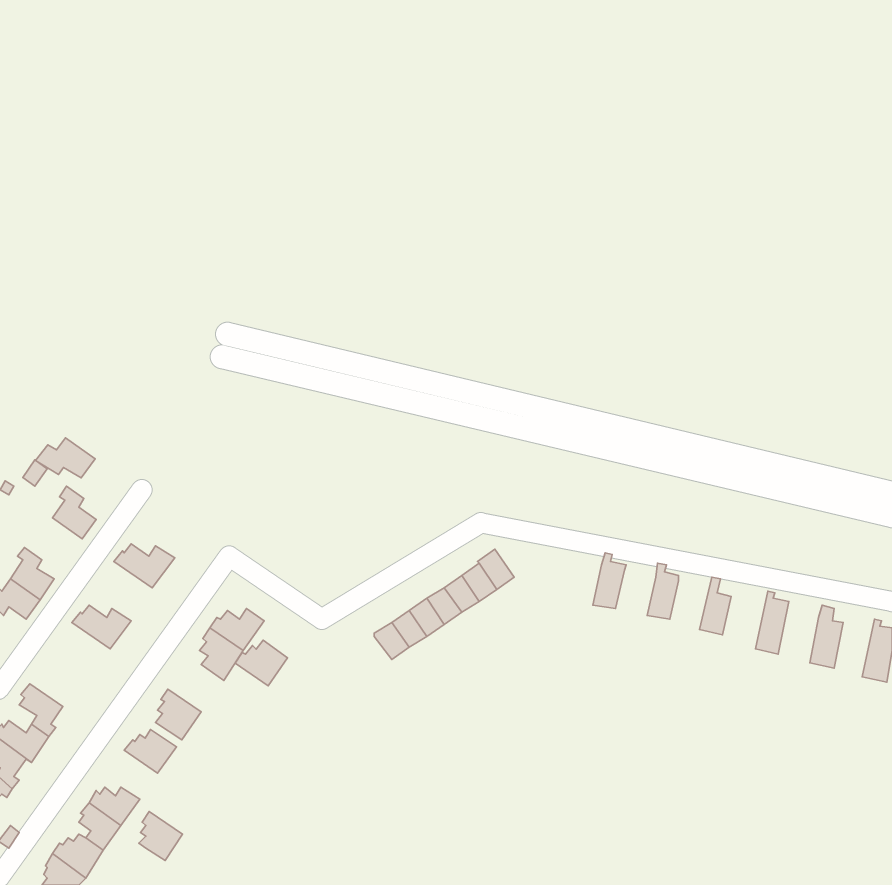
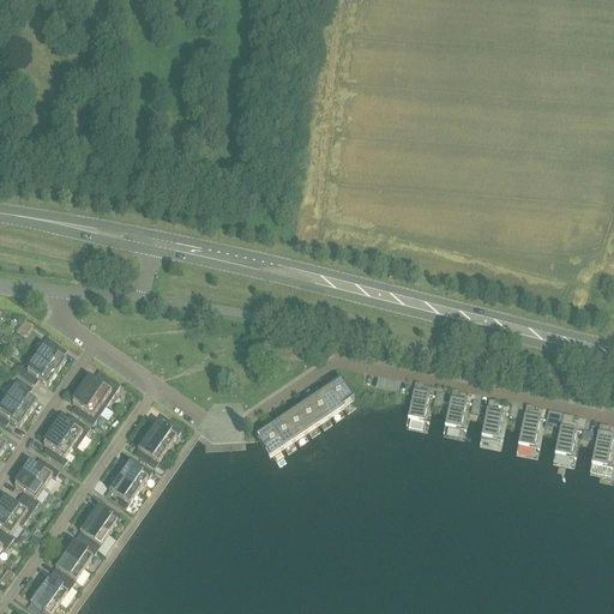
building: [36,438,95,478] -> [16,355,56,383]
building: none -> [71,385,104,423]
building: none -> [42,427,76,464]
building: [235,640,288,686] -> [115,457,151,488]
building: none -> [20,458,59,484]
building: [139,812,183,861] -> [78,514,108,548]

